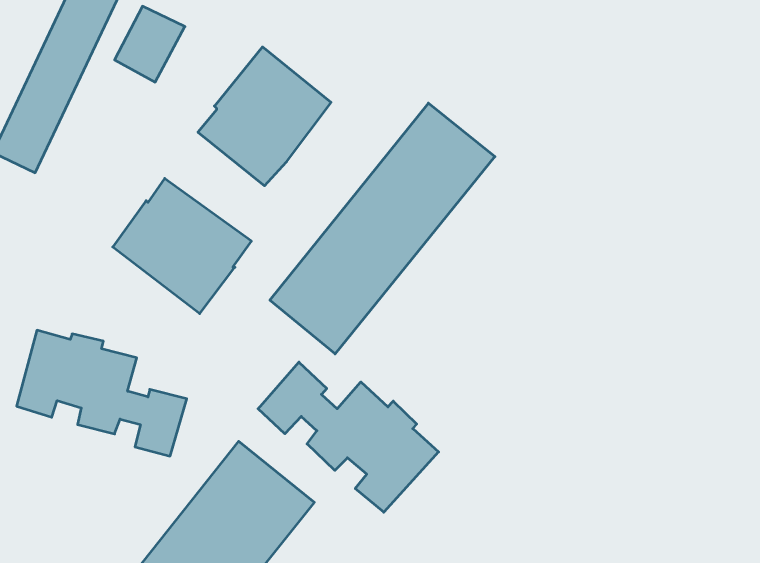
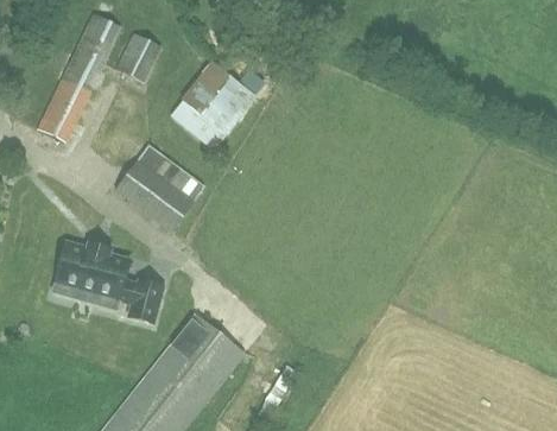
building: [270,103,495,354] -> none
building: [258,362,439,512] -> none

